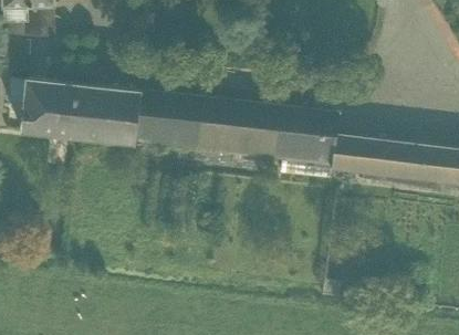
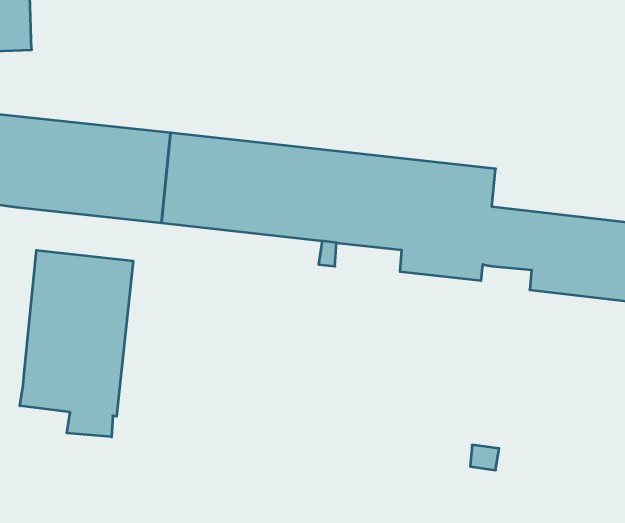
building: none -> [20,250,133,437]

